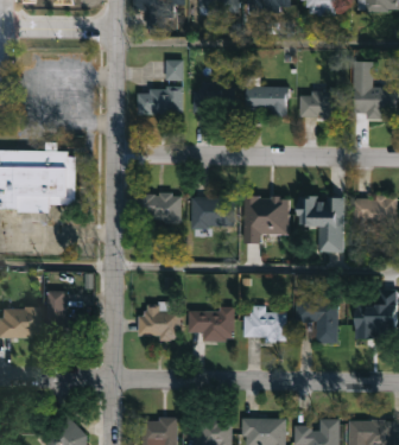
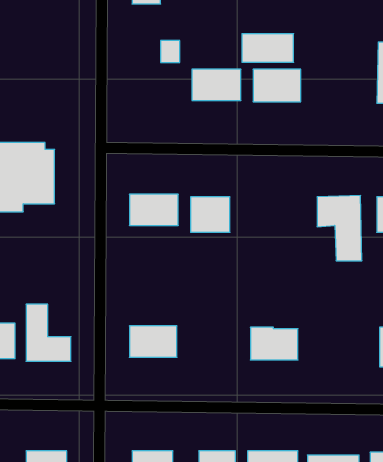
building: [138,88,184,114] -> none
building: [300,91,346,116] -> [242,34,294,62]
building: [246,197,290,244] -> none
building: [297,299,338,342] -> none
building: [189,309,234,341] -> none

